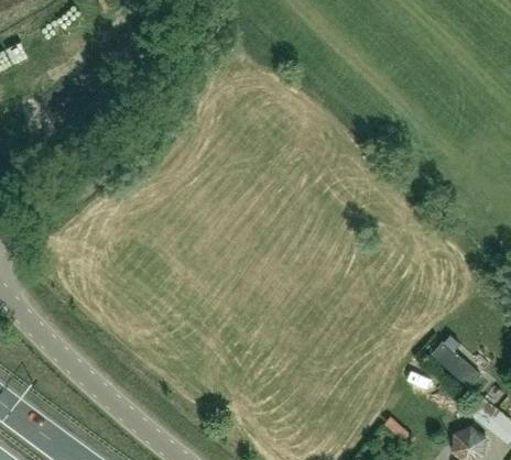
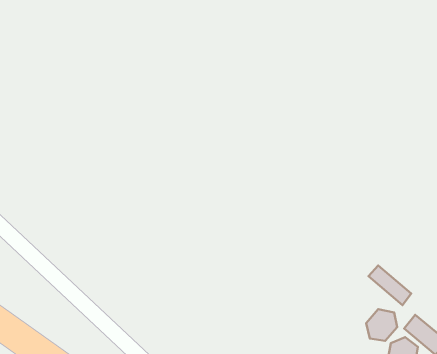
building: none -> [366,309,397,341]

